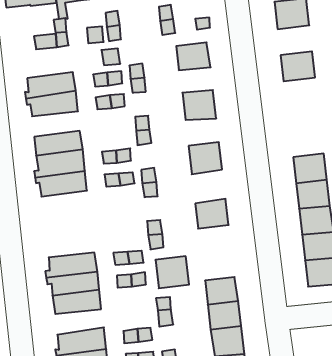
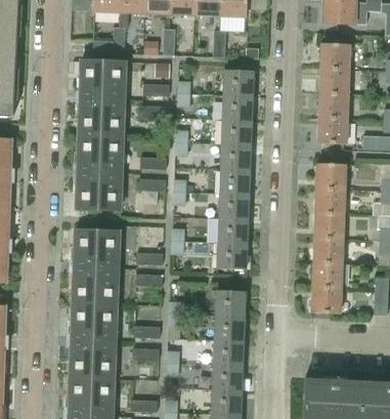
building: none -> [318,69,349,94]
building: none -> [81,60,125,79]
building: none -> [222,92,252,116]
building: none -> [316,118,347,143]
building: none -> [79,114,123,134]
building: none -> [220,139,250,165]
building: none -> [315,163,345,191]
building: none -> [218,191,248,218]
building: none -> [76,190,120,210]
building: none -> [75,229,119,249]
building: [155,256,189,288] -> [216,242,246,269]
building: none -> [72,300,116,320]

